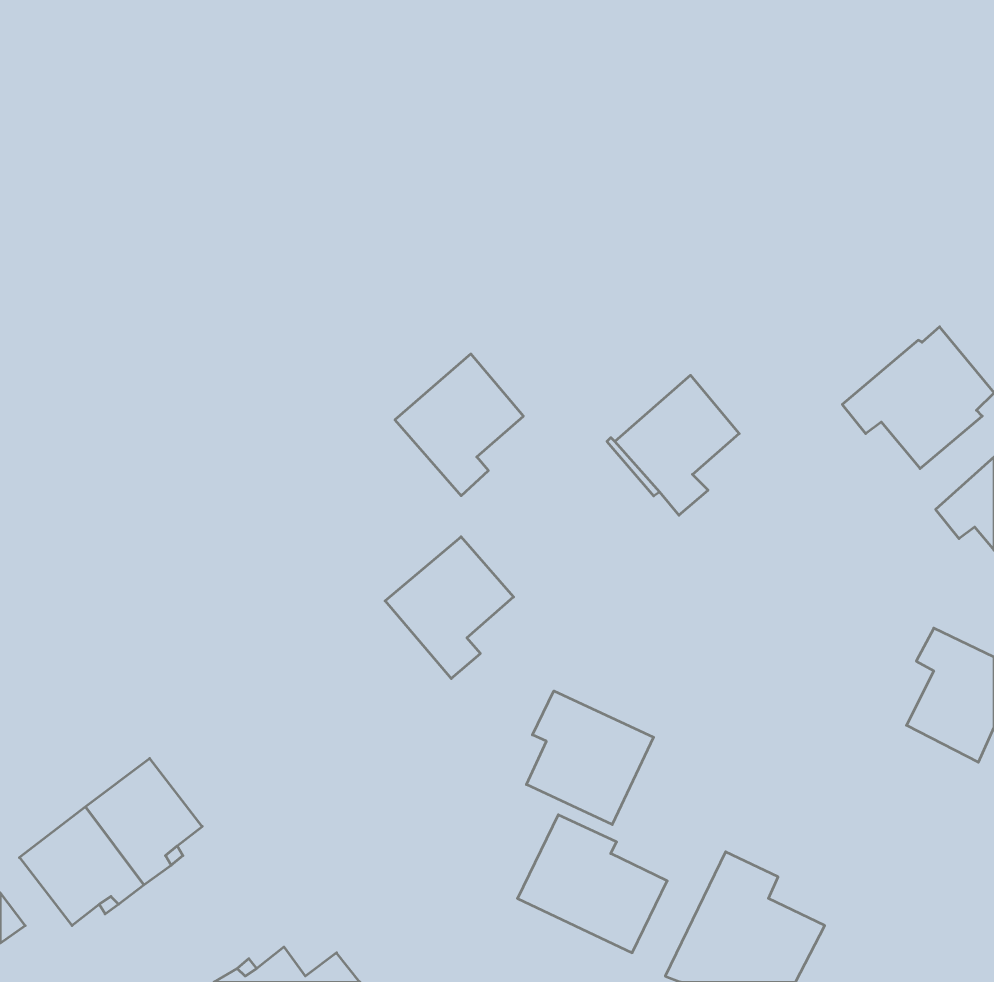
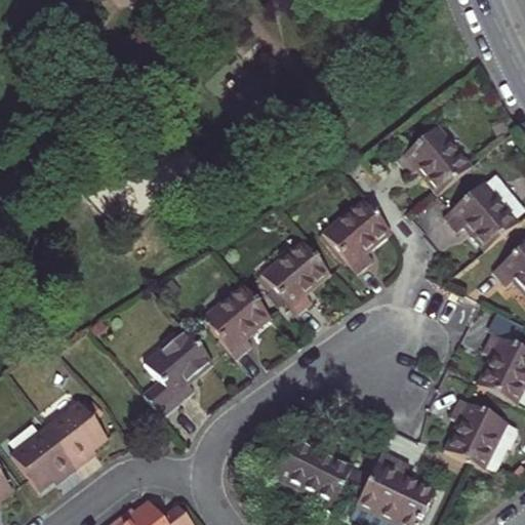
building: none -> [396,124,471,192]
building: [395,354,523,496] -> [262,239,330,314]
building: none -> [146,328,211,401]
building: [526,691,654,825] -> none
building: none -> [446,397,517,472]

